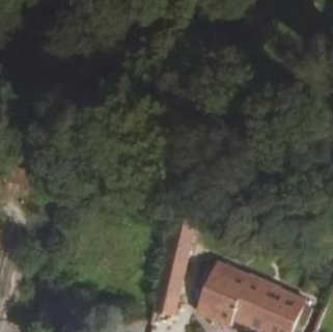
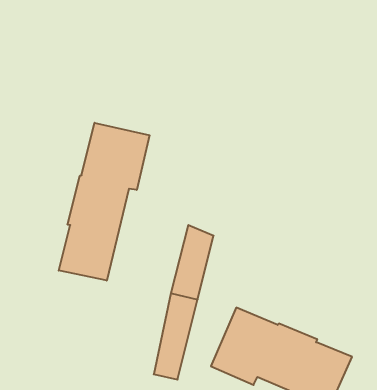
building: none -> [59,123,150,281]

